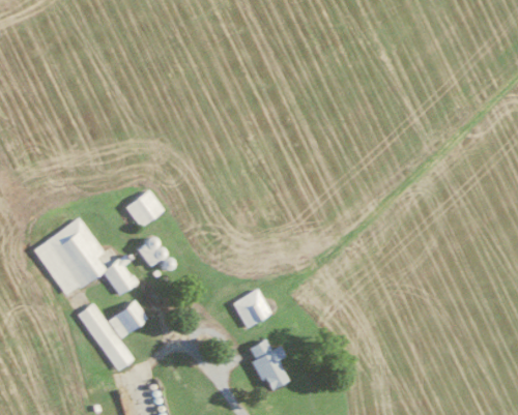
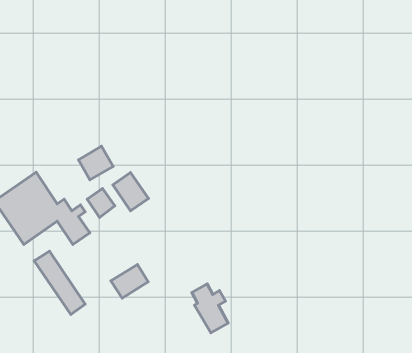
building: none -> [113,172,148,211]
building: [233,290,270,327] -> none
building: [107,301,147,337] -> [111,264,148,298]

